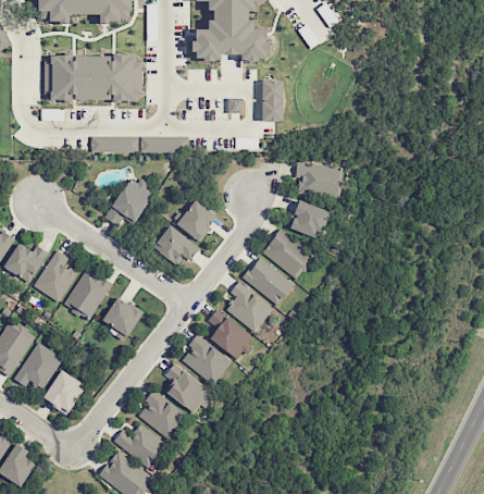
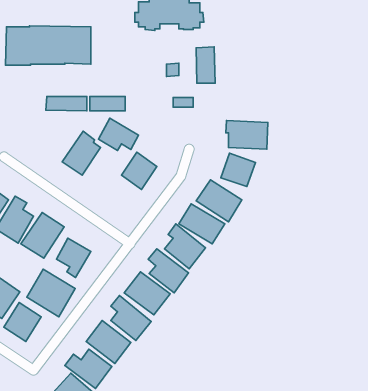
building: [153,225,199,262] -> [98,118,139,151]
building: none -> [27,269,75,317]

